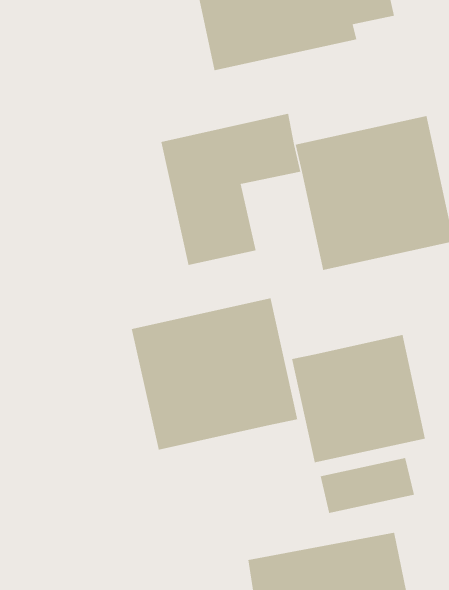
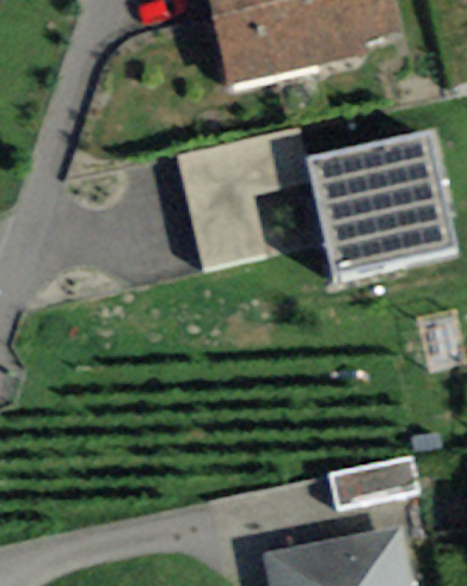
building: [131,297,298,451] -> none
building: [292,334,426,463] -> none

